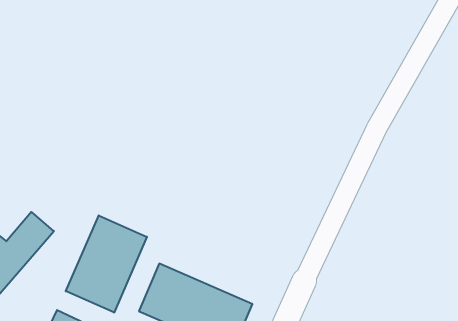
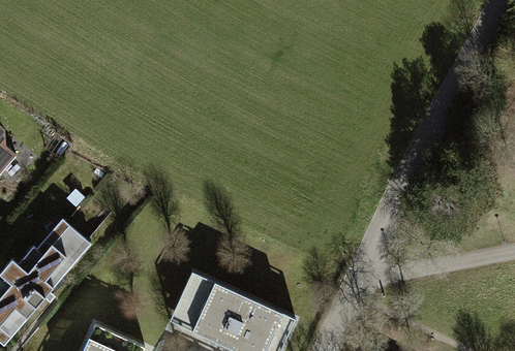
building: [66,215,147,313] -> none

